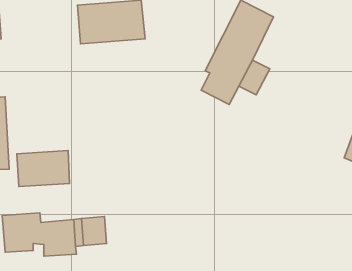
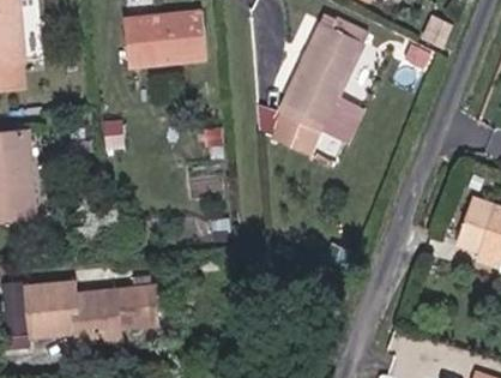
building: [17,151,69,187] -> none

